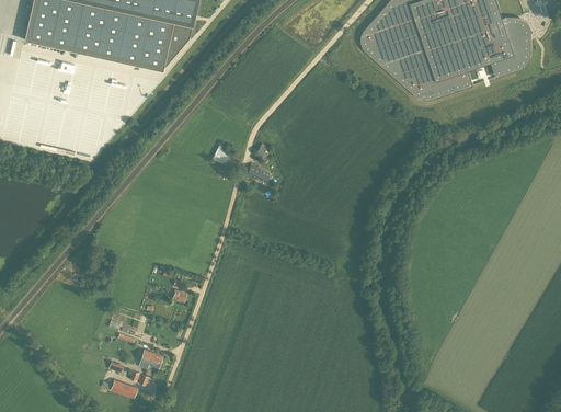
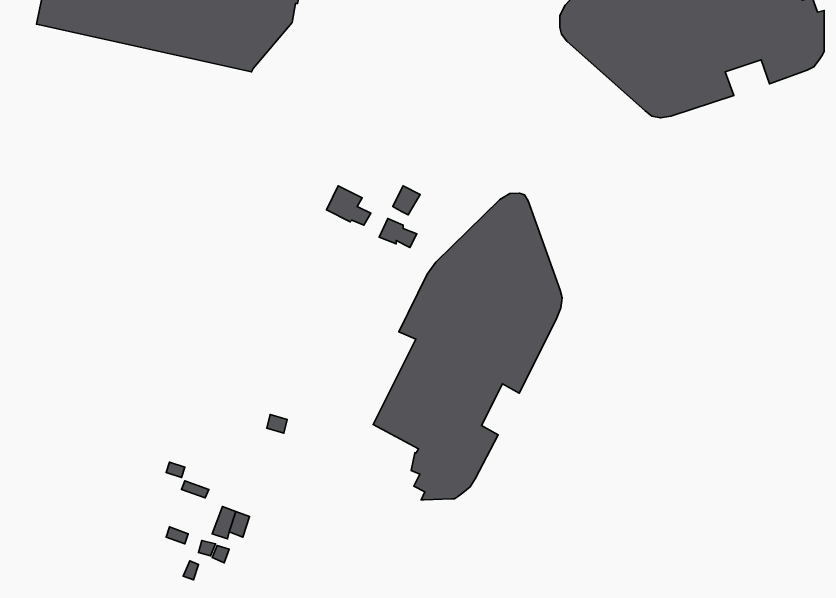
building: none -> [373,193,562,500]

